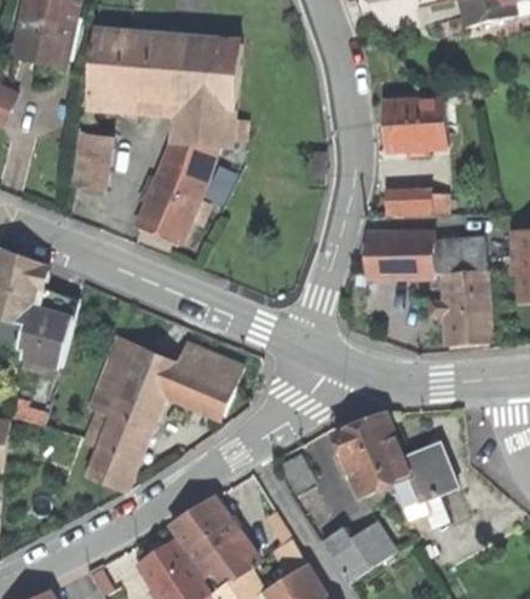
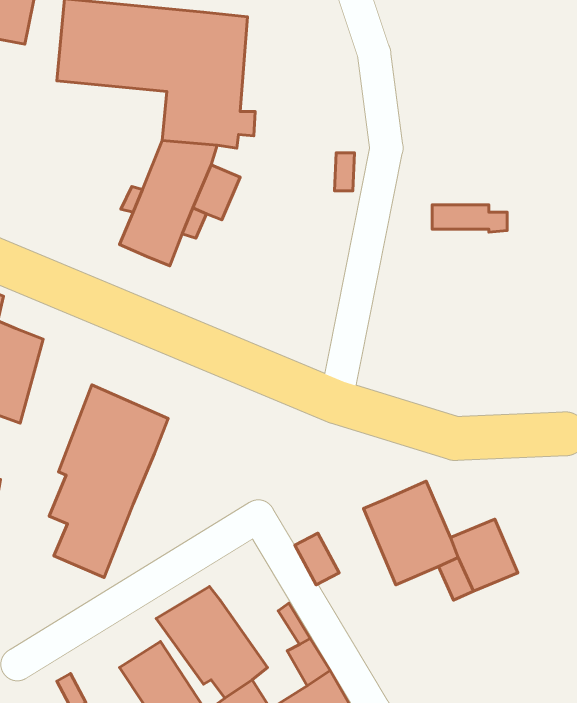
building: [384,100,448,150] -> none
building: [70,128,110,189] -> none
building: [367,232,490,345] -> none
building: [166,341,241,414] -> none
building: [319,522,392,581] -> none

